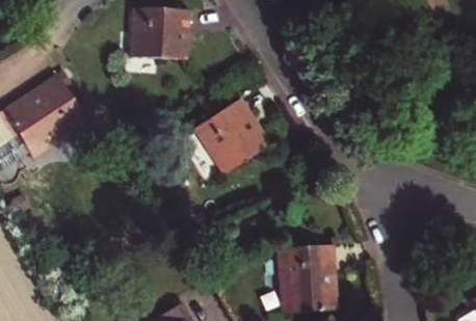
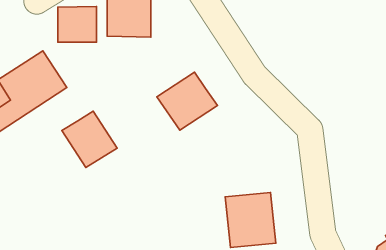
building: none -> [58,7,96,42]
building: none -> [62,111,117,168]

